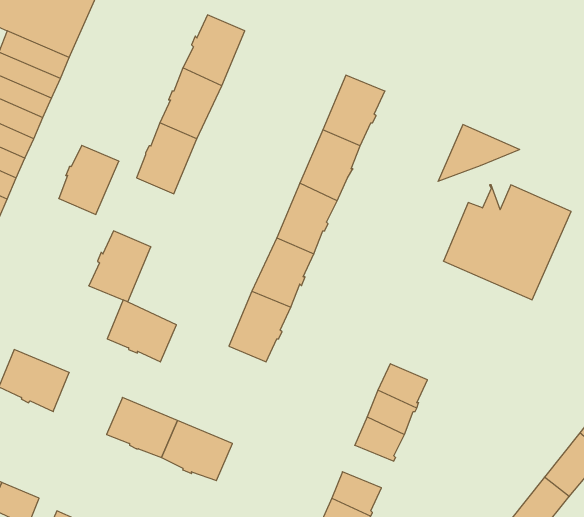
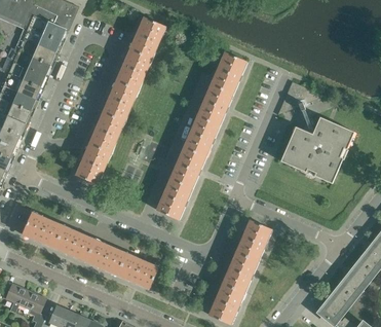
building: [59,145,119,214] -> [89,112,124,152]
building: [107,300,176,362] -> [54,225,94,261]
building: none -> [222,267,252,292]

